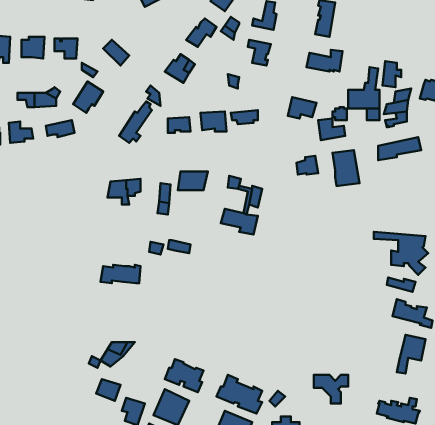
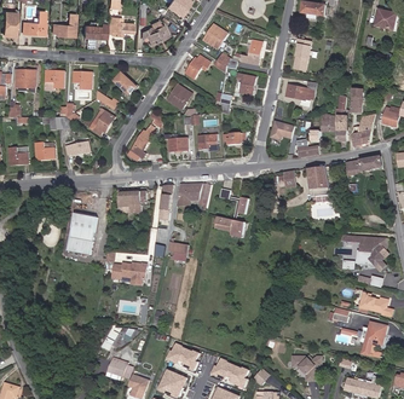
building: none -> [68,213,98,254]

